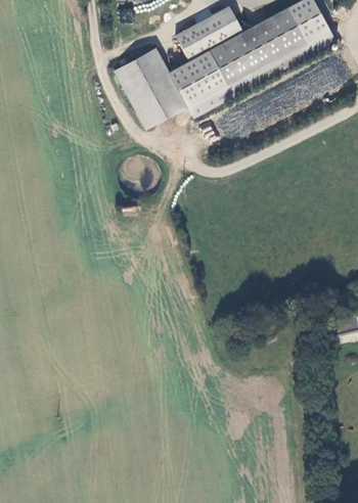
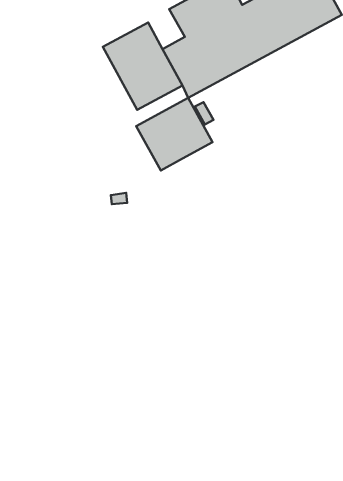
building: none -> [136,98,213,171]

